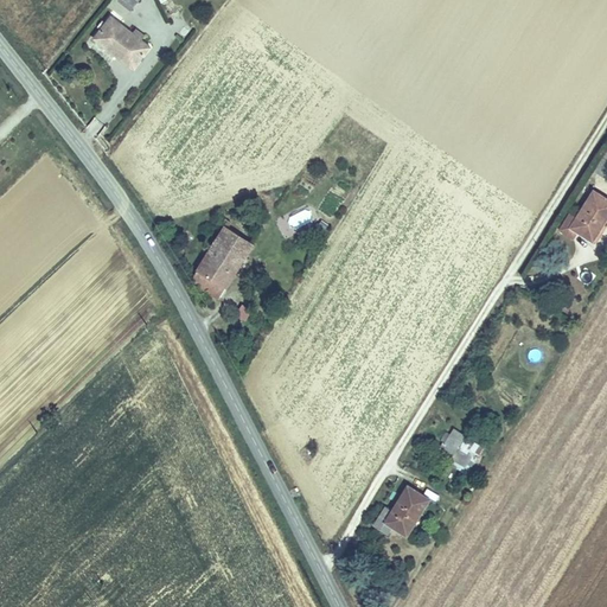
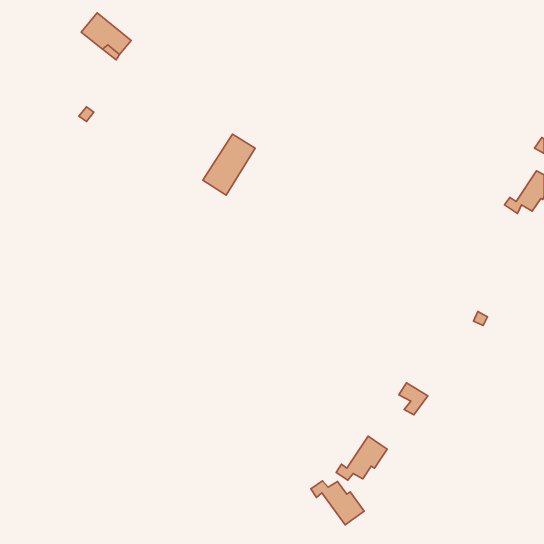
building: [192,226,250,294] -> [203,134,255,195]
building: none -> [311,481,364,525]

